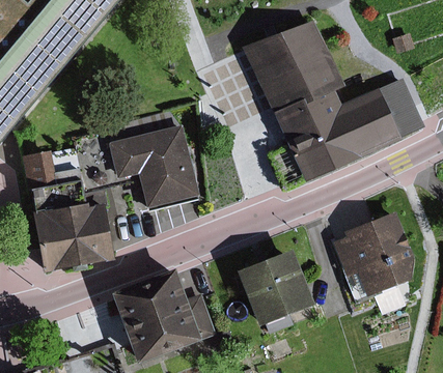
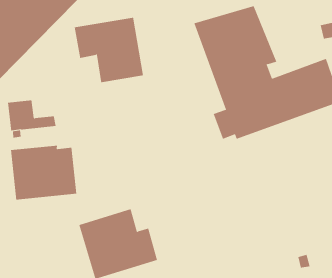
building: [109,124,197,206] -> [74,17,144,83]
building: [333,210,412,314] -> none
building: [234,249,310,333] -> none

